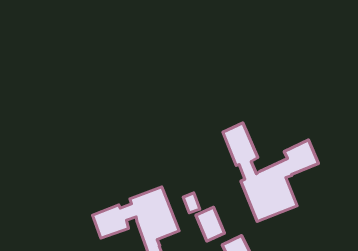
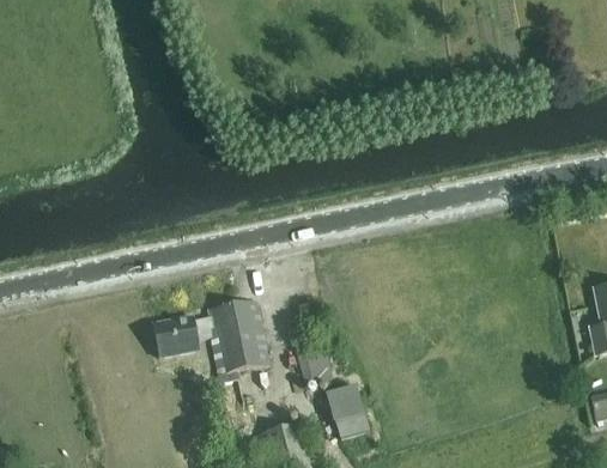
building: [223,123,319,222] -> none

